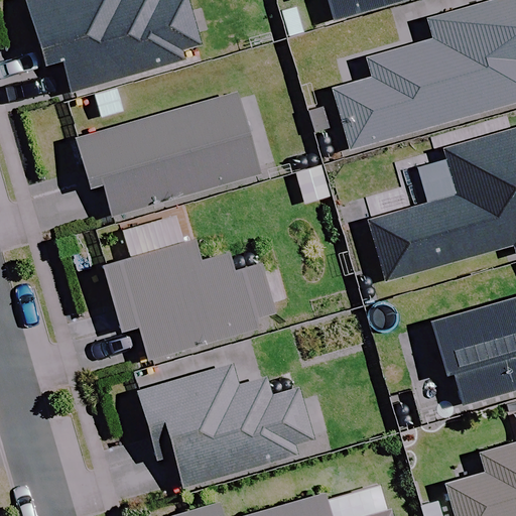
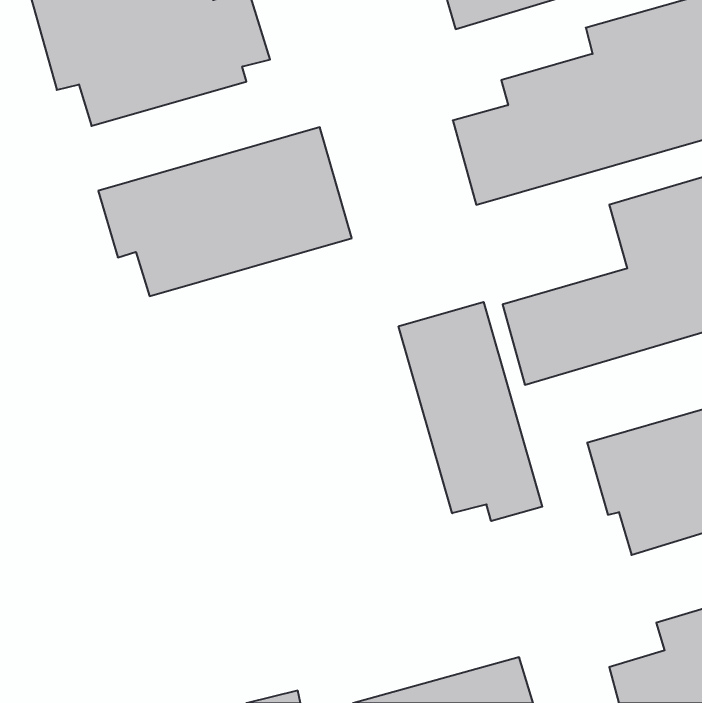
building: none -> [399,302,542,521]
building: [103,239,279,359] -> none
building: [138,364,313,485] -> none

